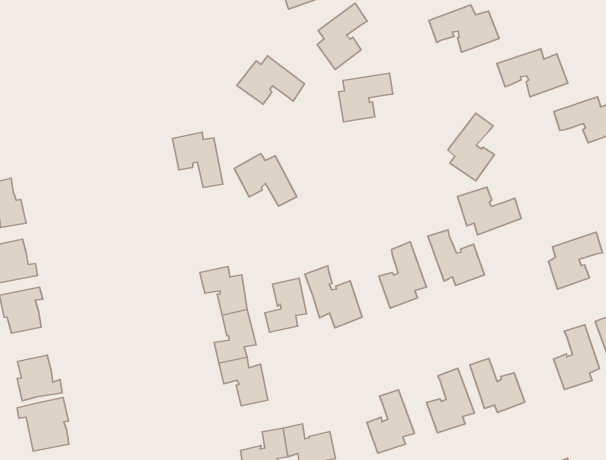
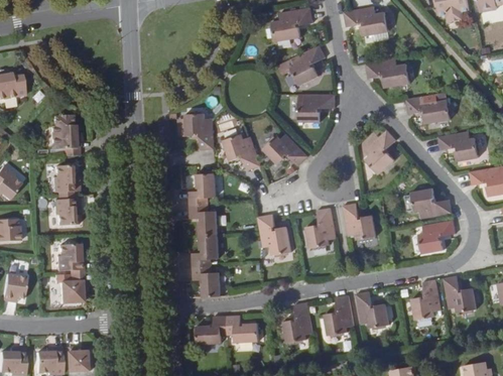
building: [237,56,304,104] -> [262,133,306,165]
building: [458,187,521,235] -> [411,189,451,219]
building: [265,278,306,332] -> [187,172,215,205]

